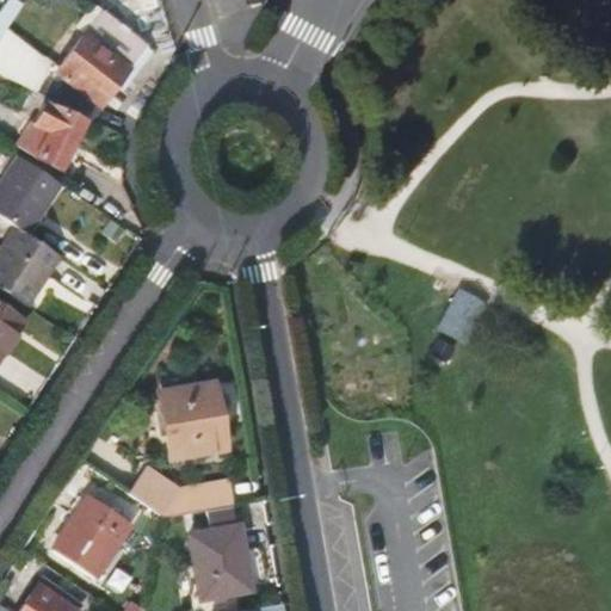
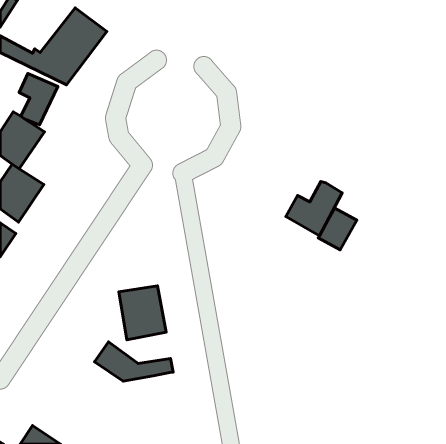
building: none -> [286,181,342,236]
building: [53,496,131,580] -> none
building: [191,508,254,601] -> none

